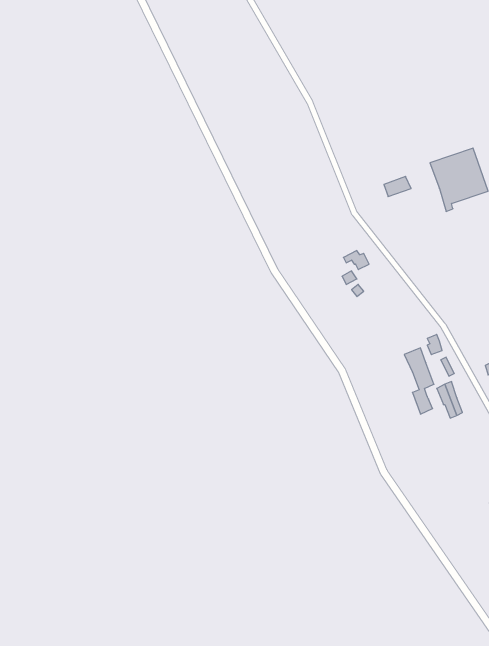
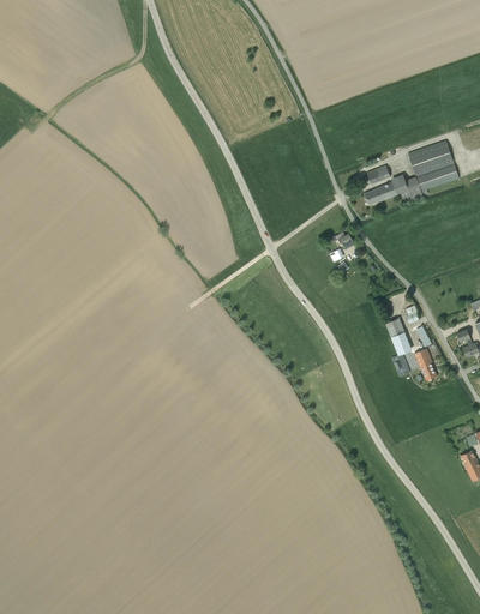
building: none -> [364,176,412,204]

